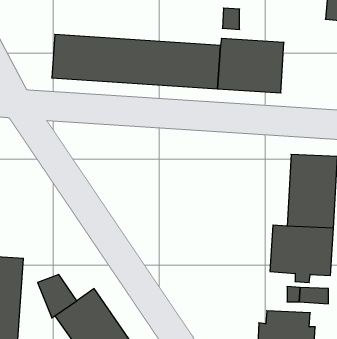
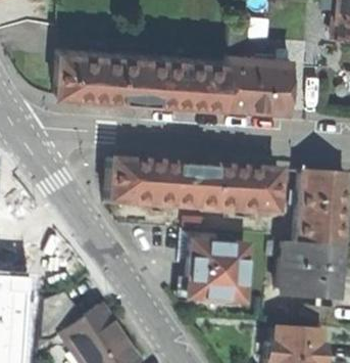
building: none -> [106,161,279,216]
building: none -> [187,243,247,304]

